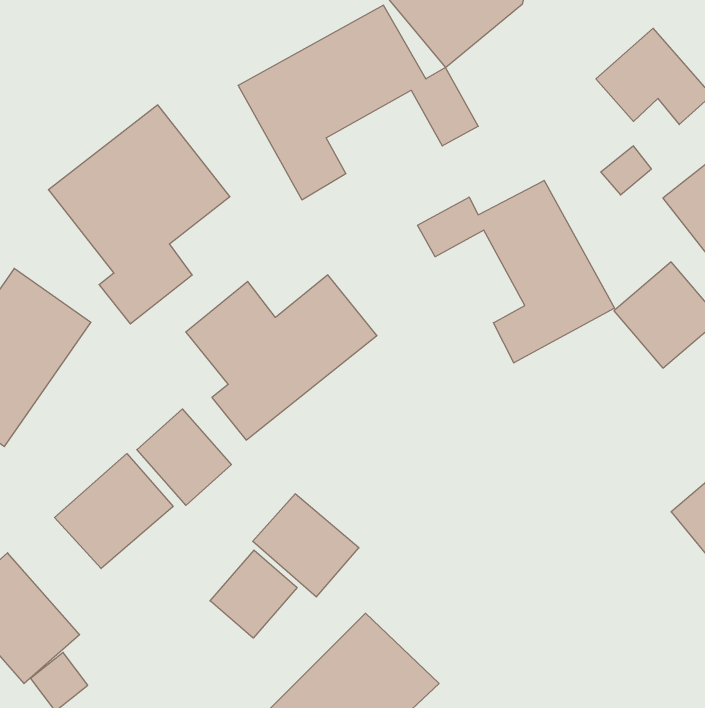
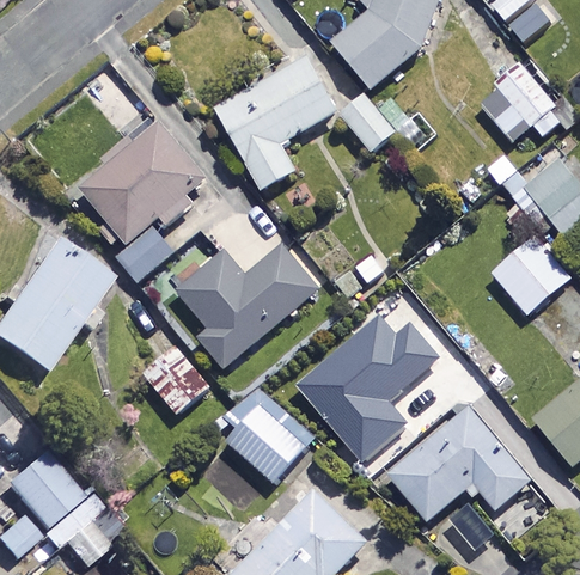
building: [418,180,614,363] -> none
building: none -> [286,308,435,458]
building: [55,454,173,569] -> none
building: none -> [389,405,532,520]
building: [210,550,297,638] -> none

